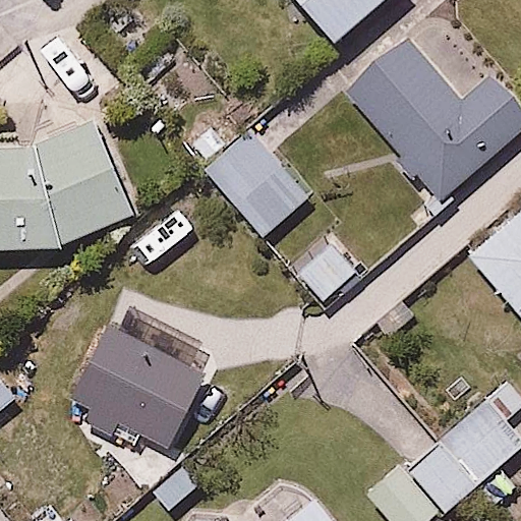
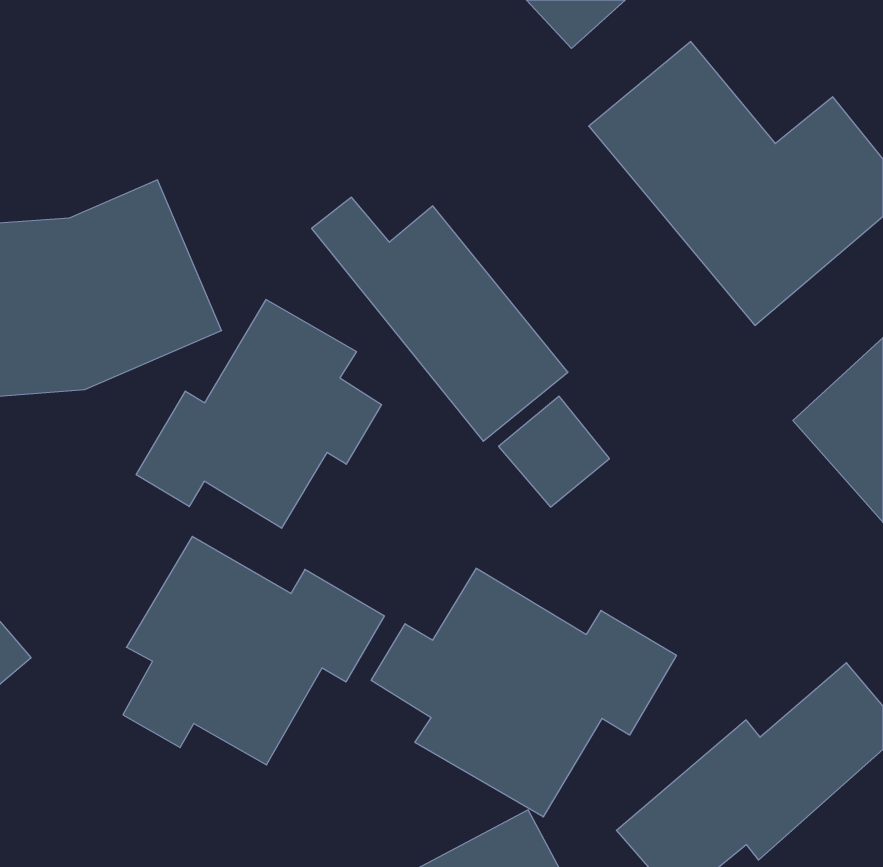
building: none -> [136,299,382,528]
building: none -> [371,568,676,817]

